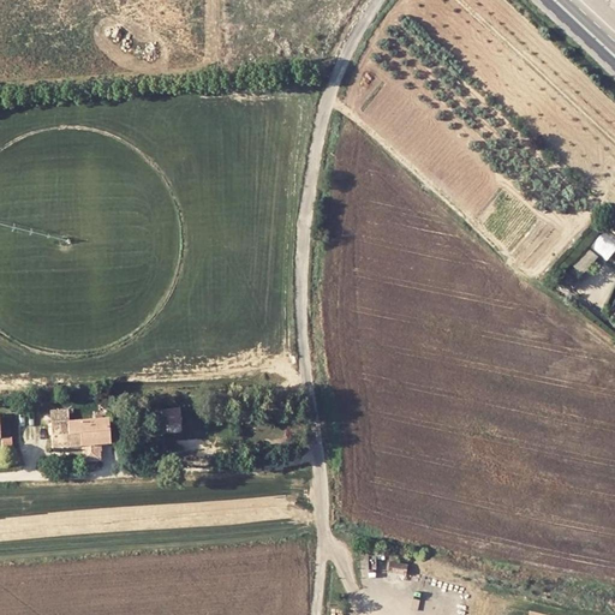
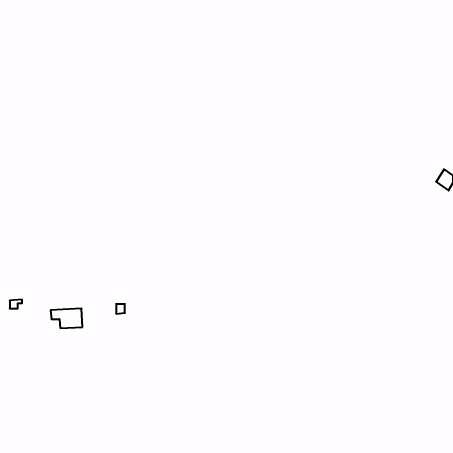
building: [49,408,82,447] -> none

